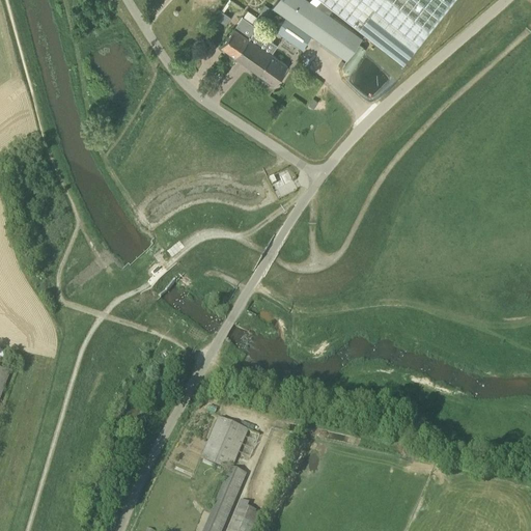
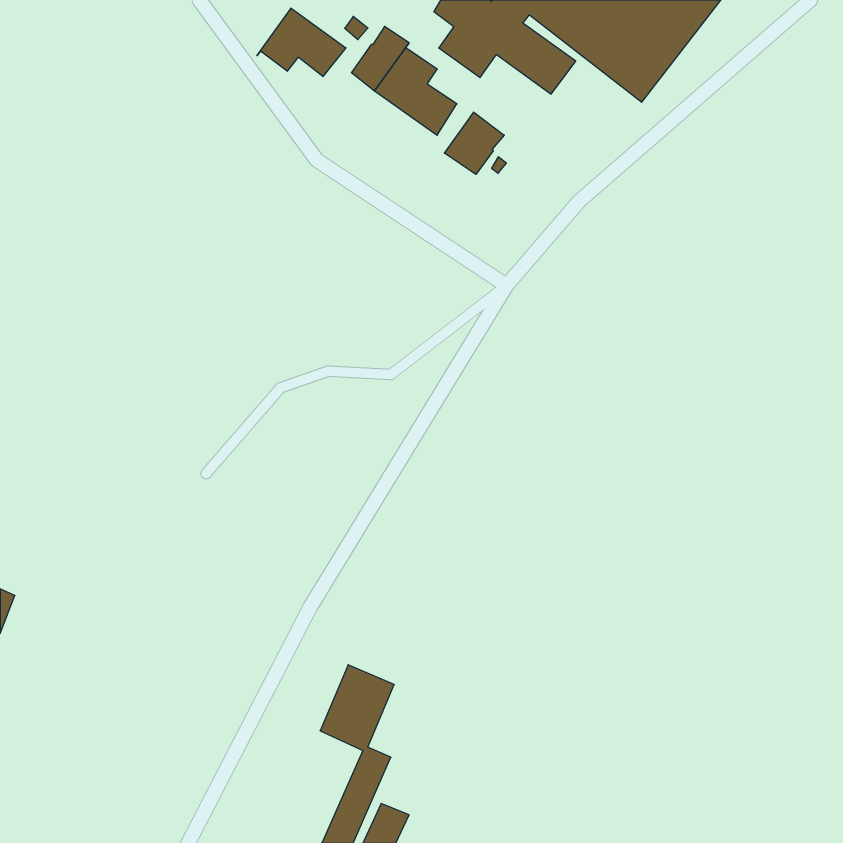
building: none -> [257,8,346,77]
building: none -> [444,112,504,174]

